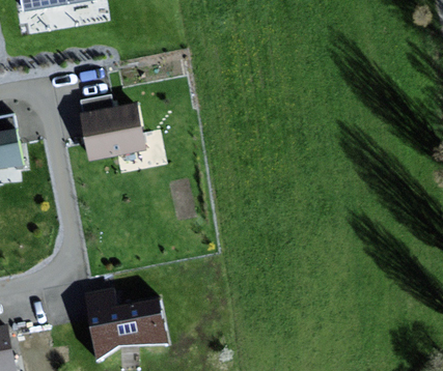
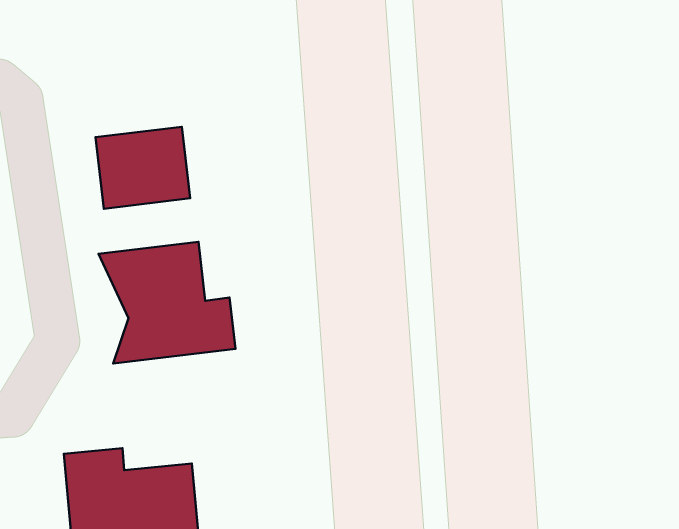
building: none -> [99,242,235,364]

